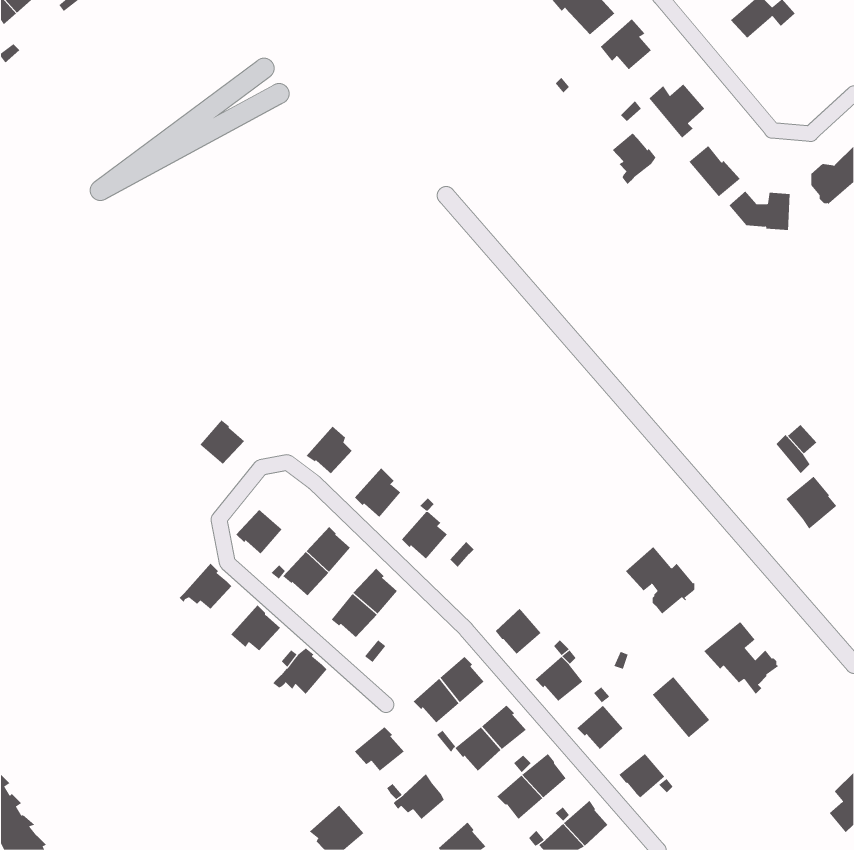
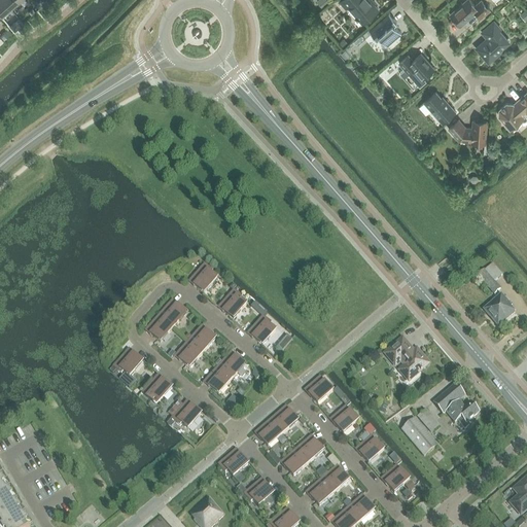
building: none -> [477,20,510,59]
building: [612,133,656,185] -> none
building: [200,419,245,465] -> [160,298,187,326]

